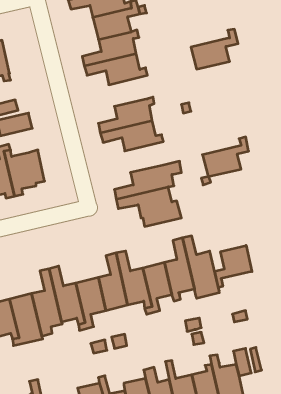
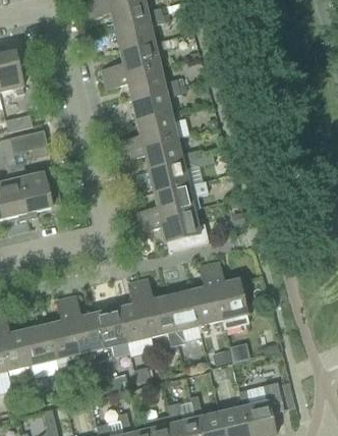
building: [191,29,238,69] -> [130,79,181,122]
building: [202,137,249,177] -> [148,151,198,194]
building: [215,245,252,288] -> none

